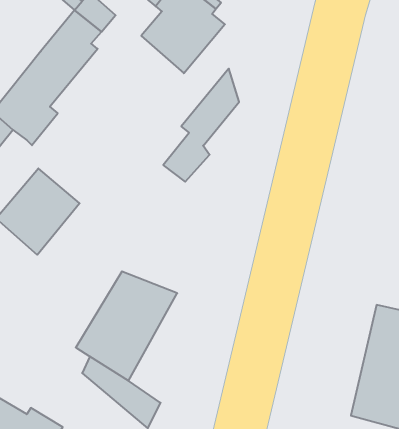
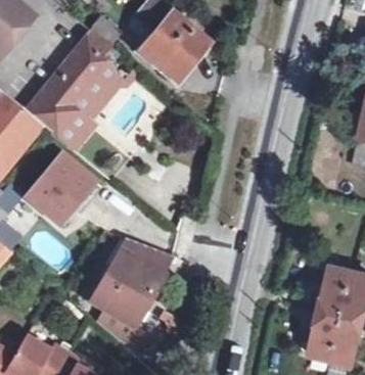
building: [163,69,239,182] -> [56,61,117,151]

